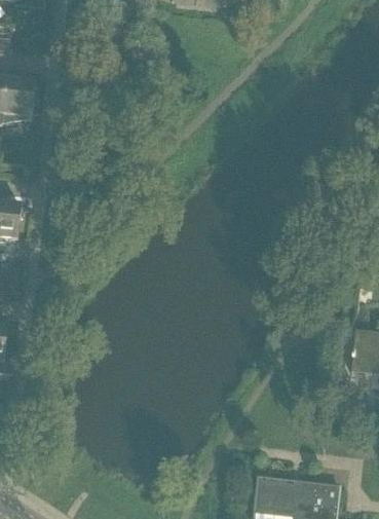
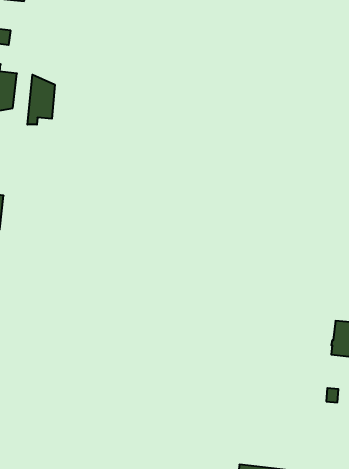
building: none -> [27,75,55,125]

